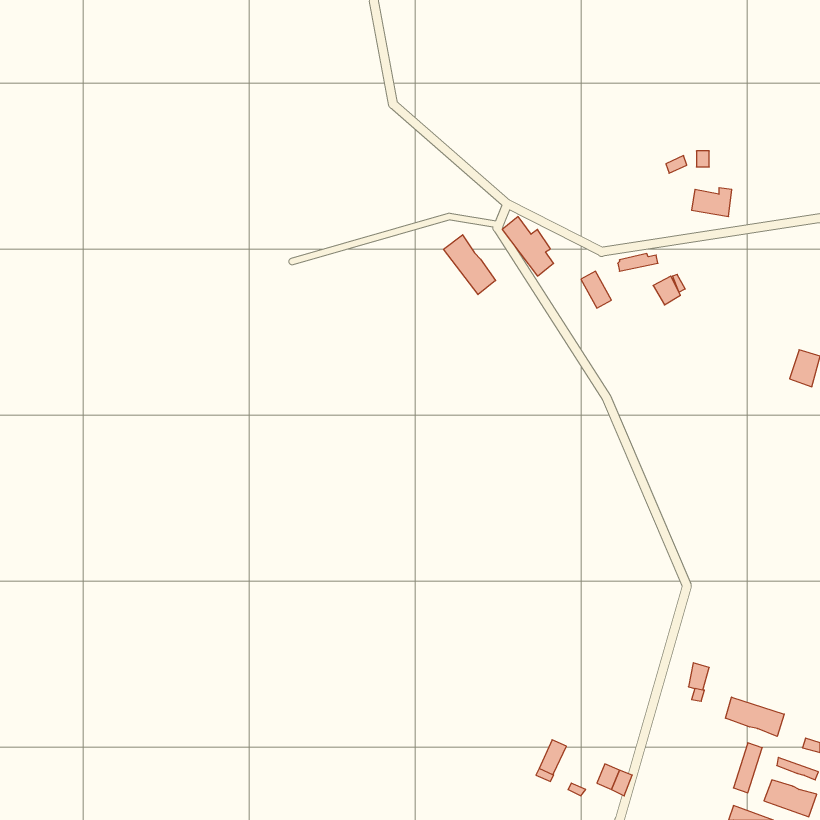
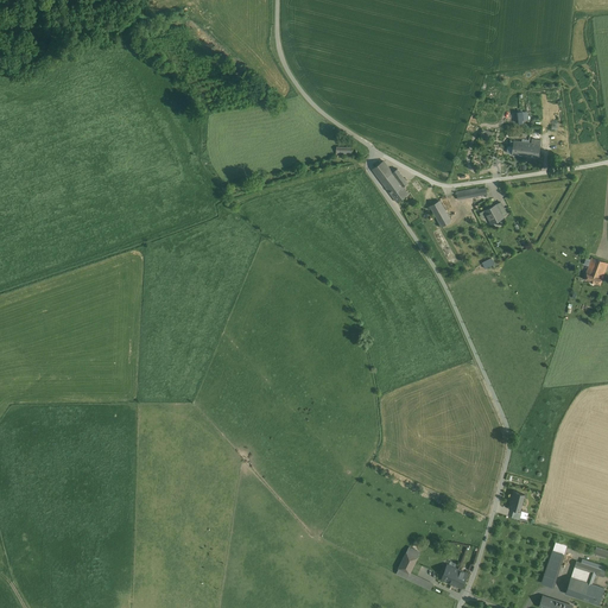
building: [444,235,496,295] -> none
building: [725,697,784,736] -> none

